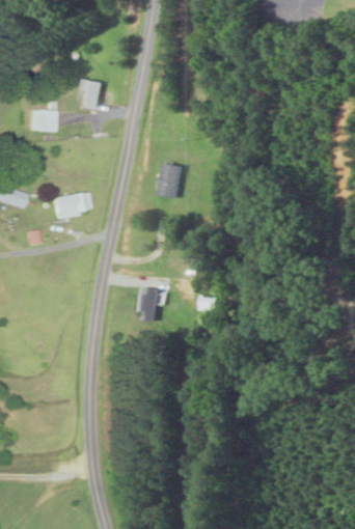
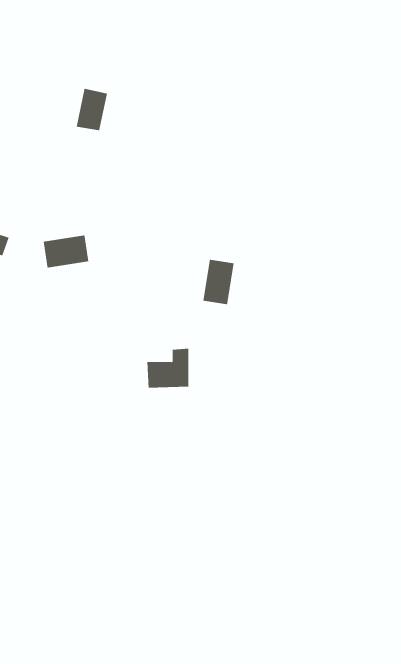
building: [29,109,54,132] -> none
building: [158,163,183,198] -> [203,259,235,305]

